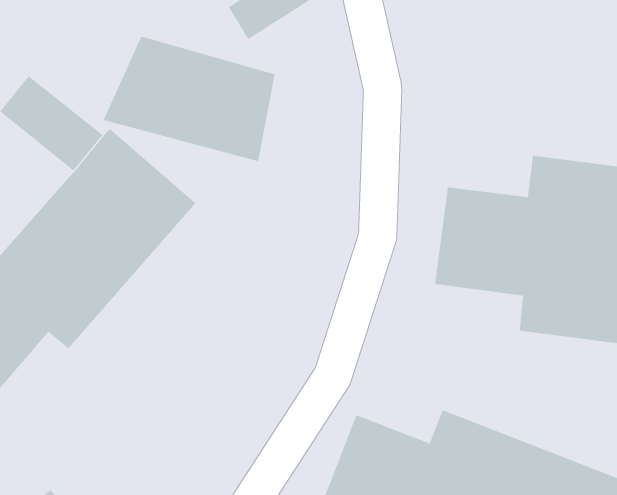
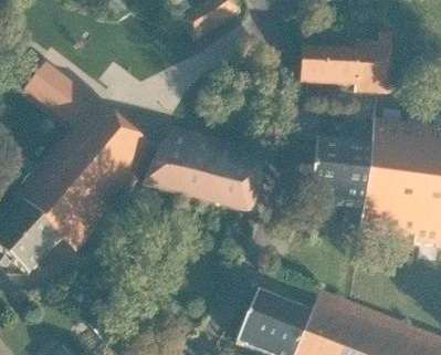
building: none -> [296,39,392,95]
building: [103,36,275,162] -> [147,127,262,211]

